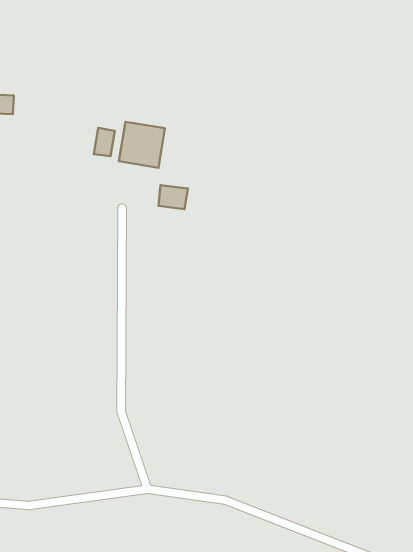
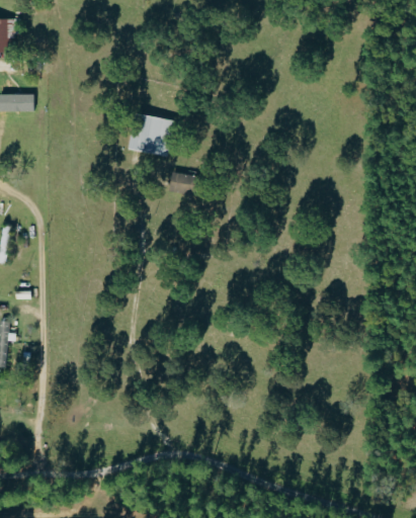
building: [94,128,115,156] -> none

